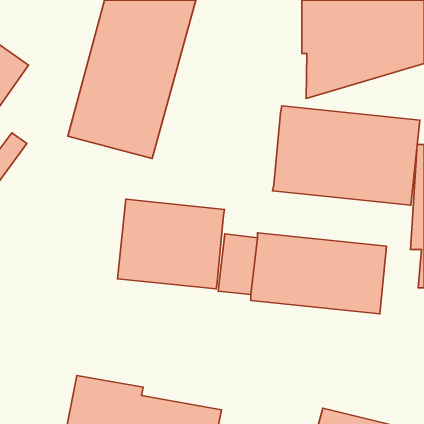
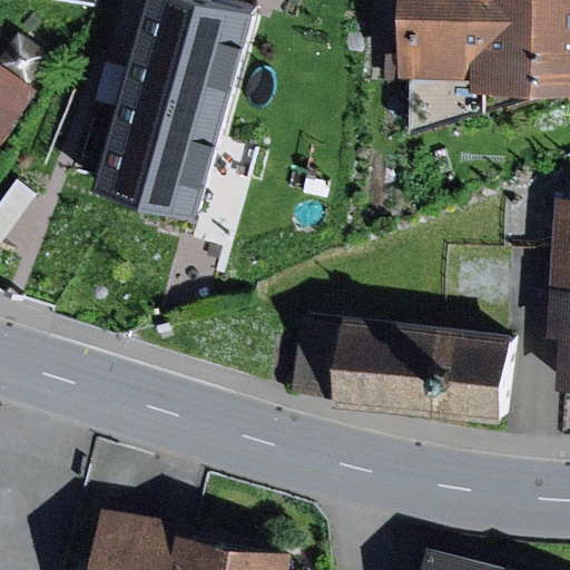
building: [273,106,420,205] -> none
building: [117,199,225,289] -> none

